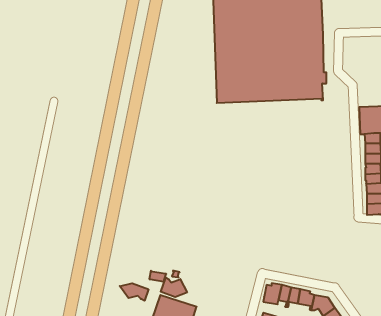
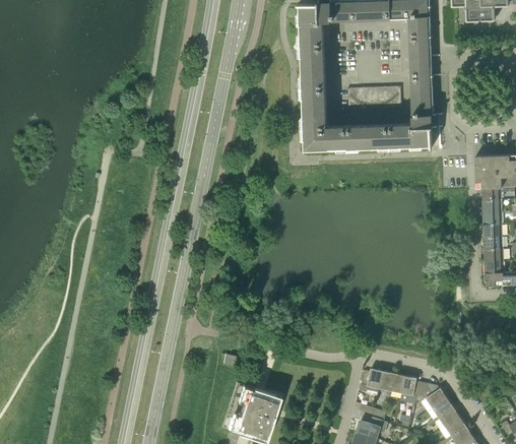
building: [161,277,187,297] -> none
building: [120,283,148,301] -> none

